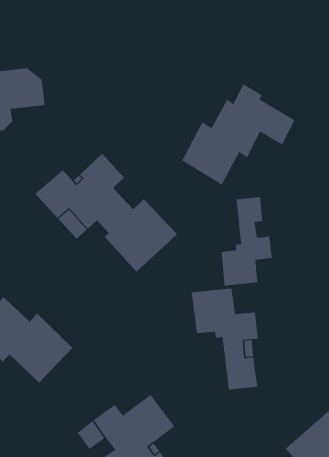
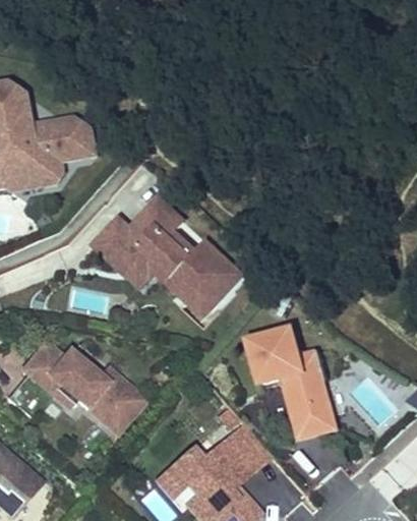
building: [182,84,295,185] -> none
building: [221,196,272,287] -> none
building: none -> [228,424,271,469]

